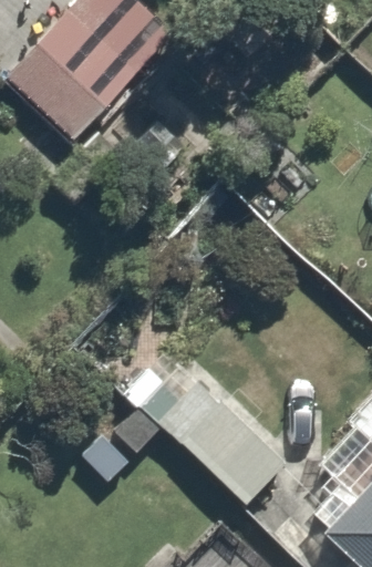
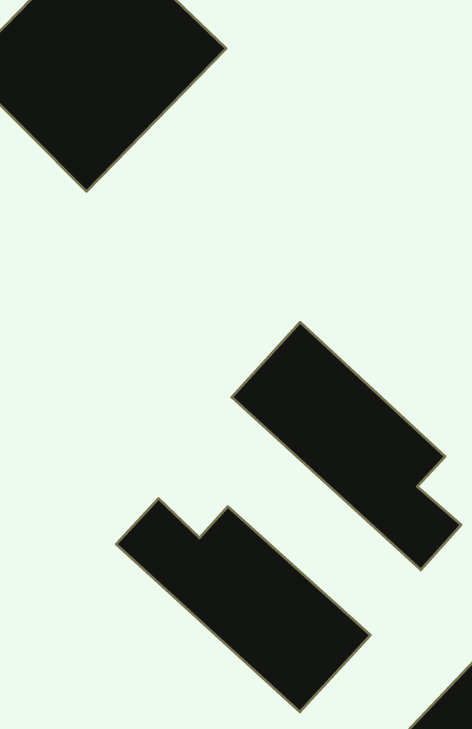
building: none -> [232,322,461,570]

